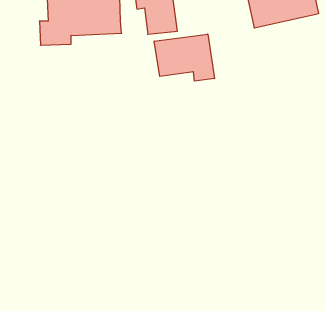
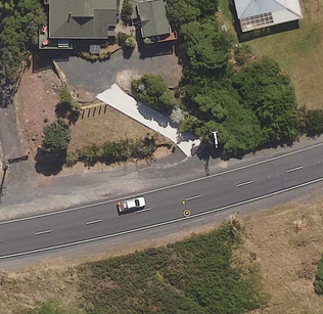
building: [154,34,214,81] -> none

